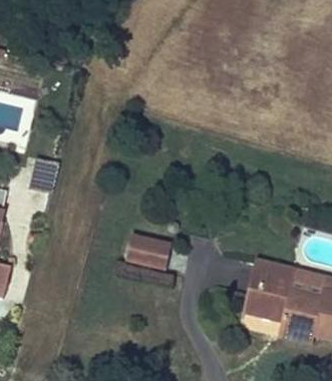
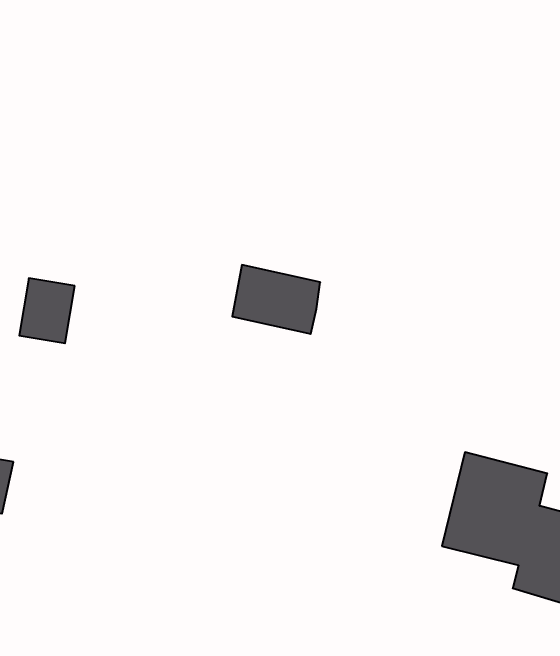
building: [128,233,175,269] -> [232,265,320,334]

